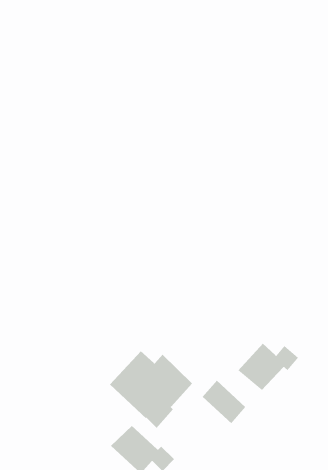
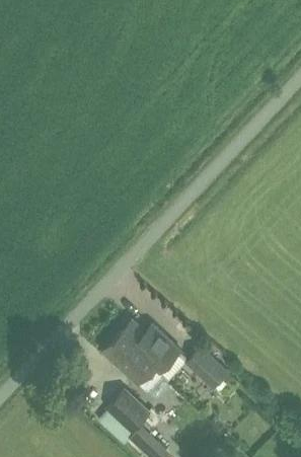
building: [237,343,299,391] -> none

